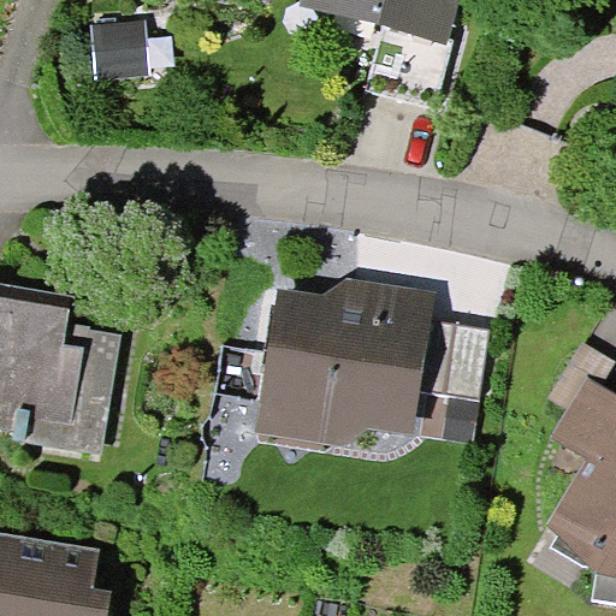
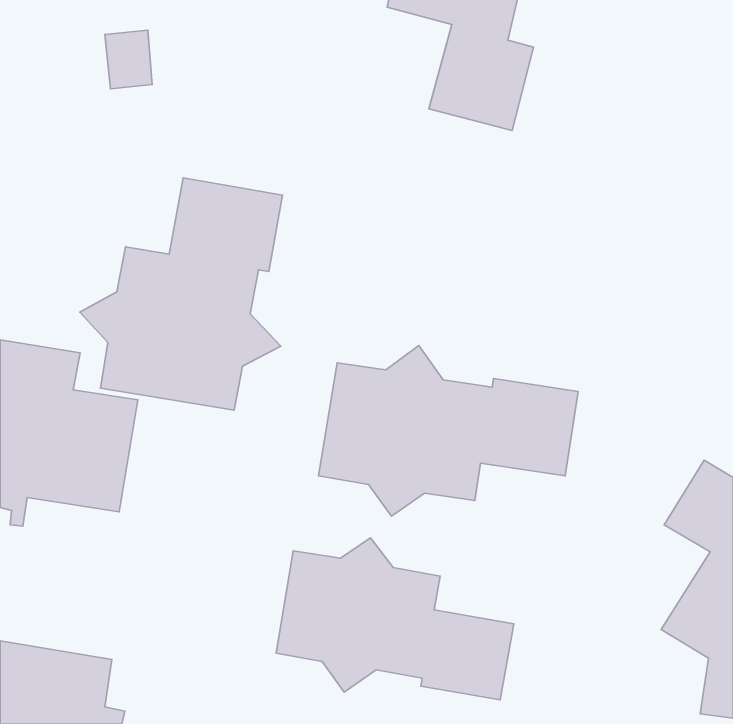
building: none -> [80,178,282,410]
building: none -> [276,538,514,700]

